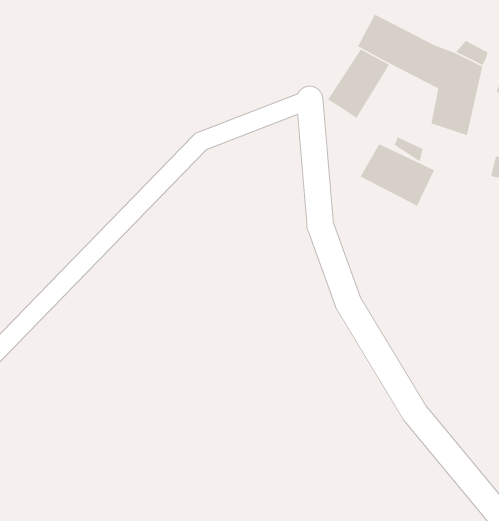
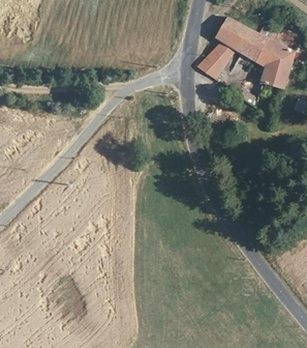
building: [359,143,435,207] -> none

